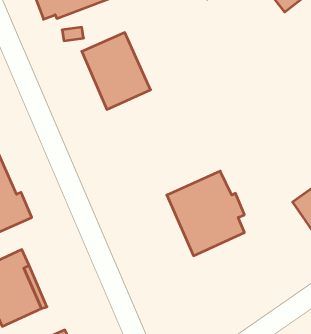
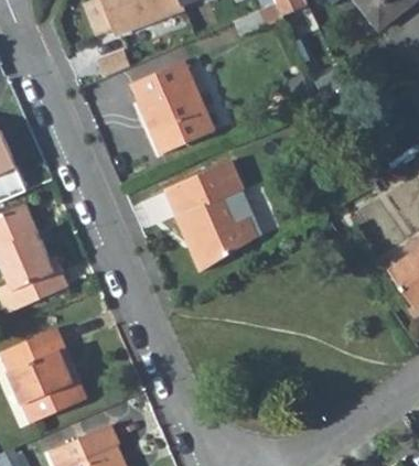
building: [167,171,244,256] -> [162,156,258,261]

